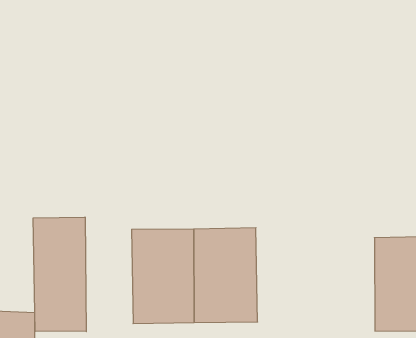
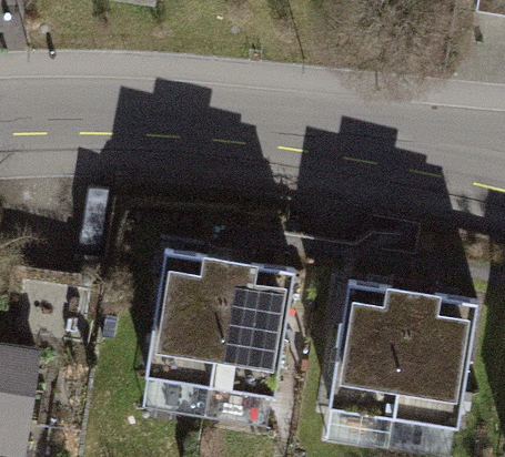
building: [33,217,86,332] -> none
building: none -> [329,304,406,409]

